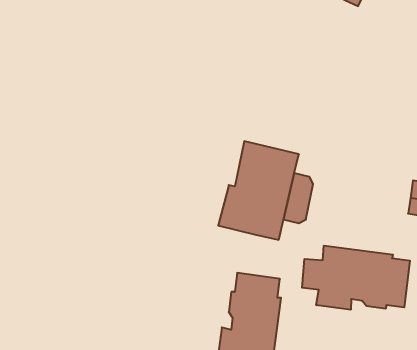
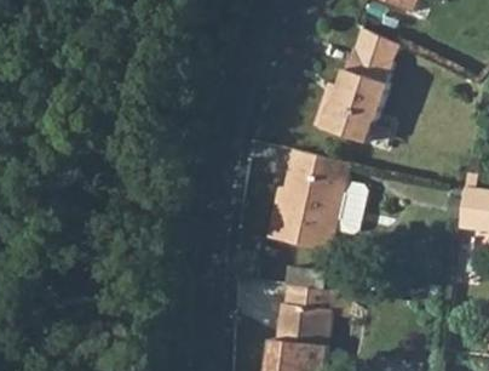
building: none -> [315,24,398,141]
building: [302,246,410,310] -> none

